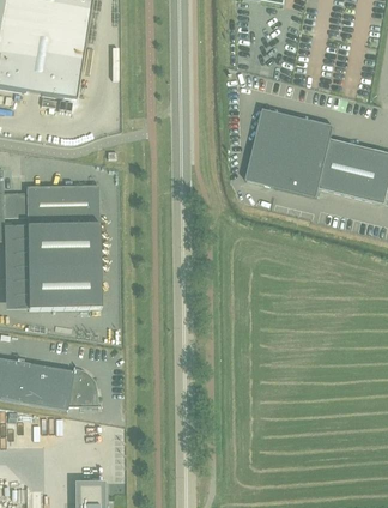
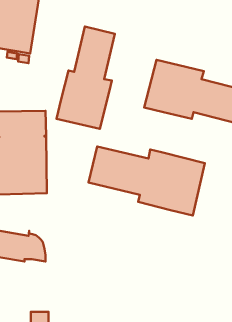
building: none -> [56,27,115,129]
building: none -> [88,146,205,216]

